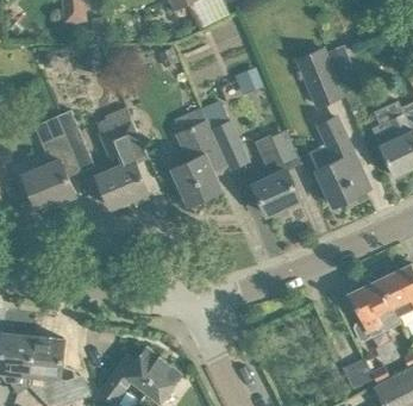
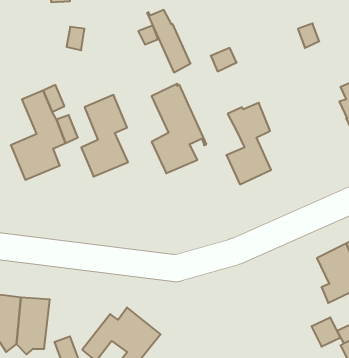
building: [298,49,340,105] -> none
building: [201,106,248,173] -> [147,10,191,72]
building: [315,118,368,205] -> none

